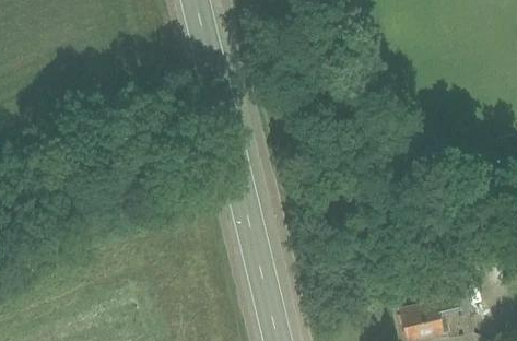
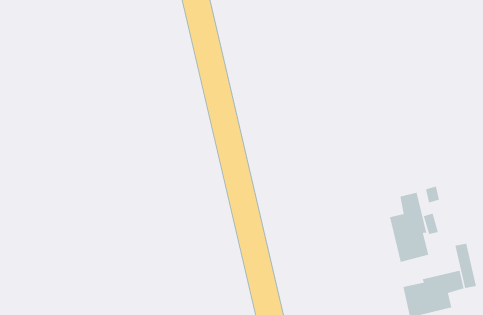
building: none -> [389,192,429,263]

